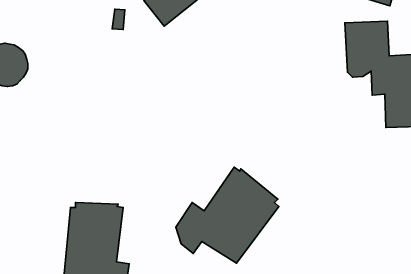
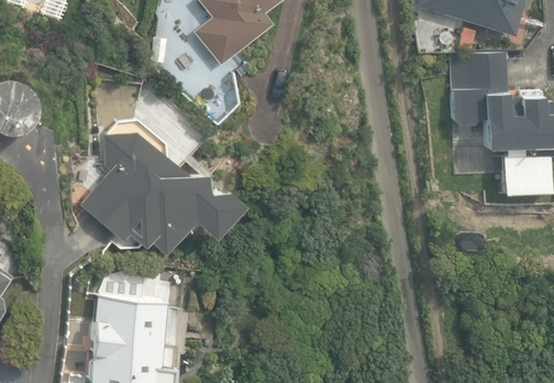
building: none -> [84,121,242,253]
building: [176,167,279,263] -> none

